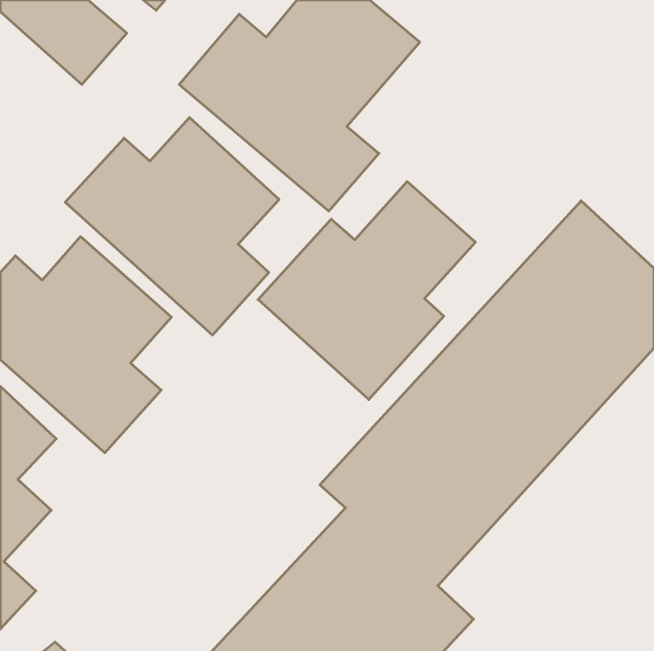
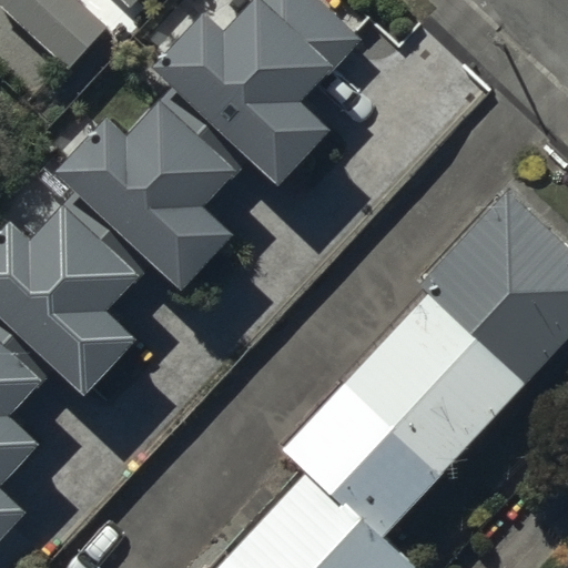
building: [258,182,475,400] -> none

